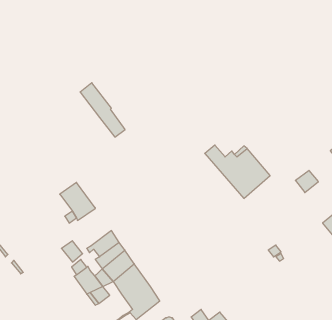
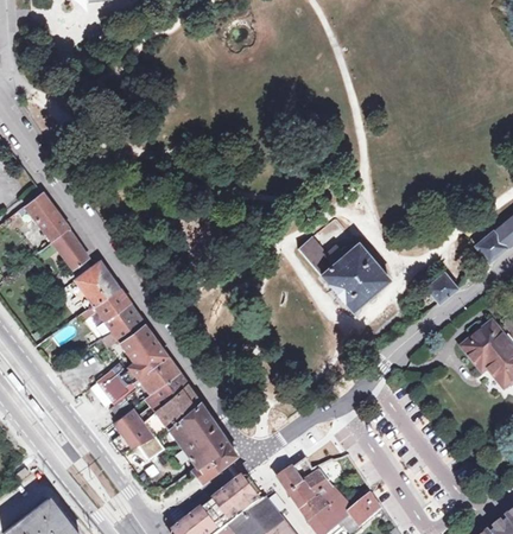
building: [80,83,125,137] -> [25,192,88,268]
building: none -> [69,262,119,311]
building: none -> [120,326,167,379]

